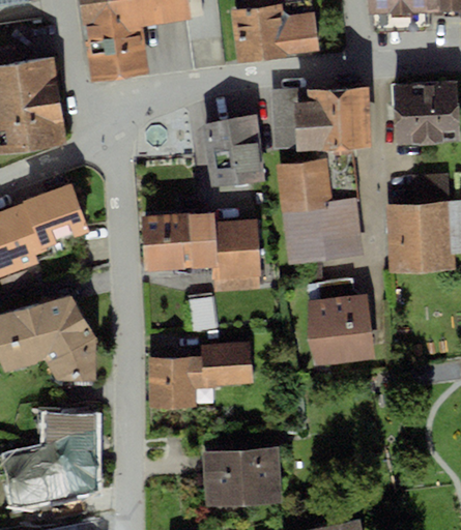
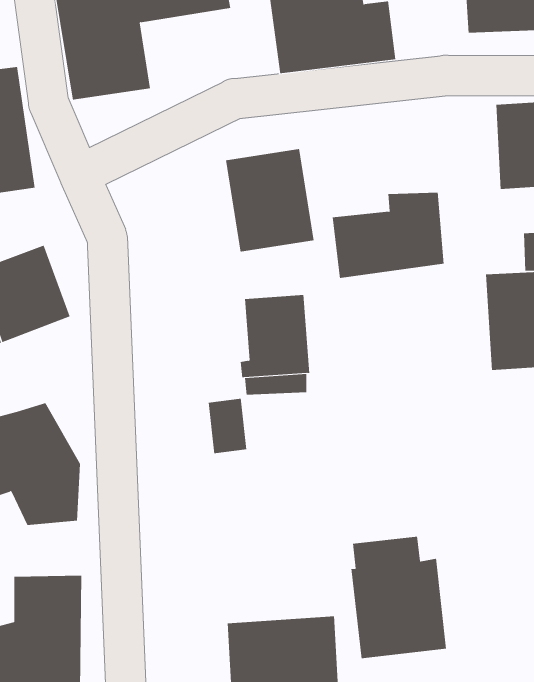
building: [271,85,373,150] -> none
building: [282,197,365,266] -> none
building: [140,210,218,270] -> none
building: [307,277,375,364] -> [351,536,447,659]
building: [148,341,253,407] -> none

